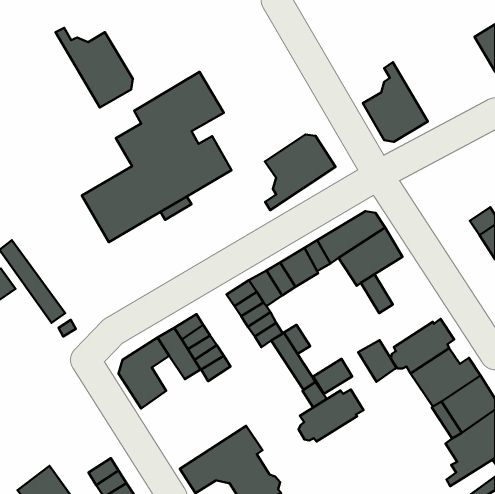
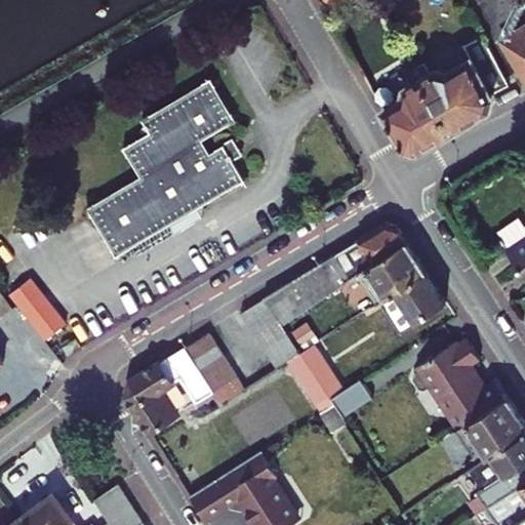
building: [55,28,133,107] -> none
building: none -> [414,38,508,131]
building: [265,134,336,210] -> none
building: none -> [395,274,445,324]
building: [358,340,396,382] -> none
building: [299,389,363,441] -> none

